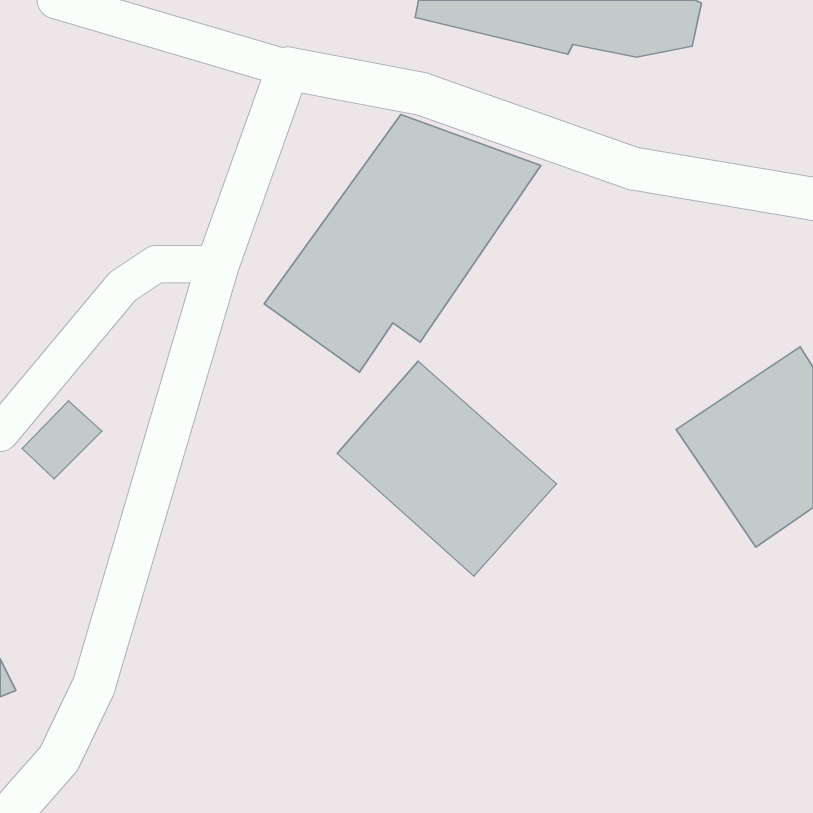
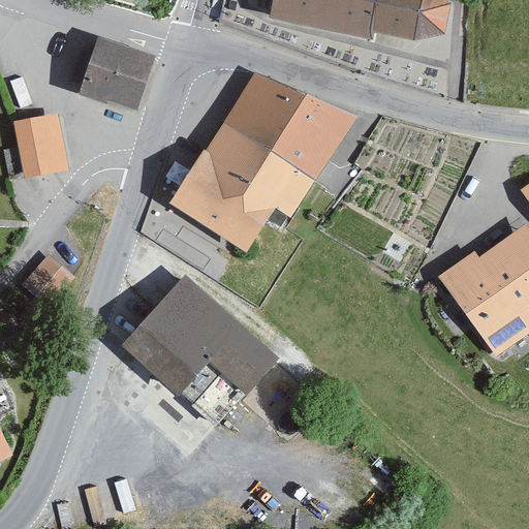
building: none -> [86,38,151,99]
building: none -> [13,120,63,179]
building: [337,361,557,576] -> [128,288,271,428]

